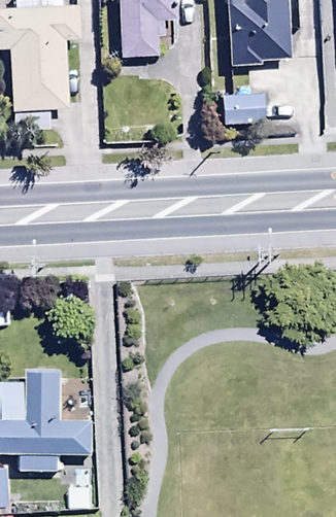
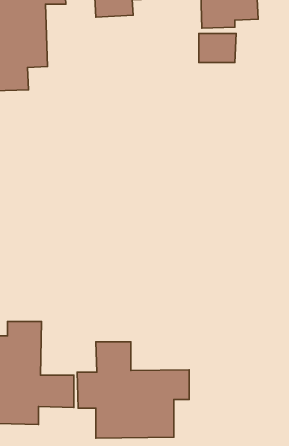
building: none -> [77,342,189,438]

